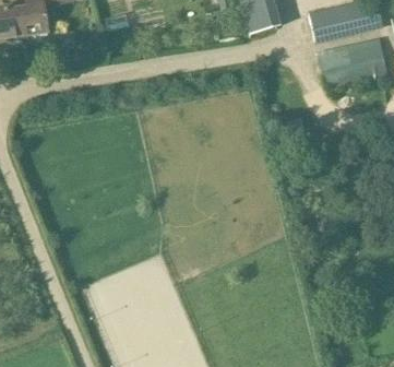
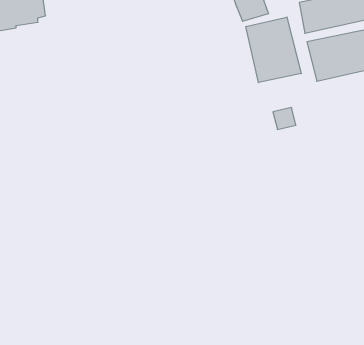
building: none -> [246,17,301,83]

